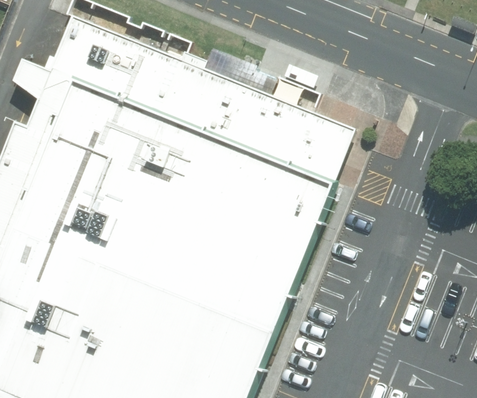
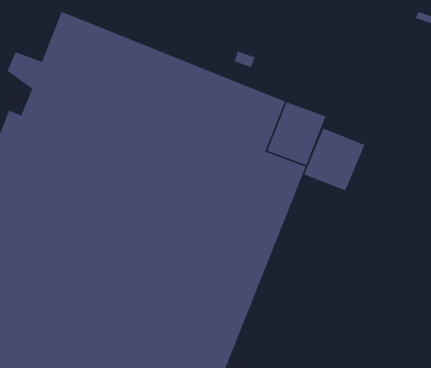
building: none -> [303,128,365,192]

